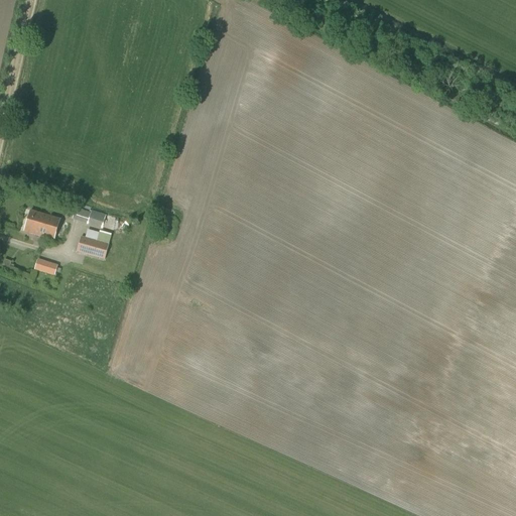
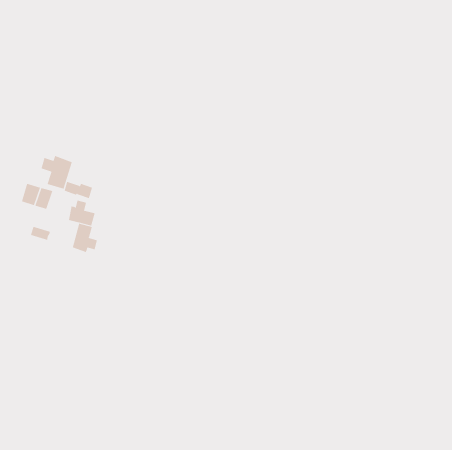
building: none -> [41,155,72,190]
building: none -> [72,223,97,253]

